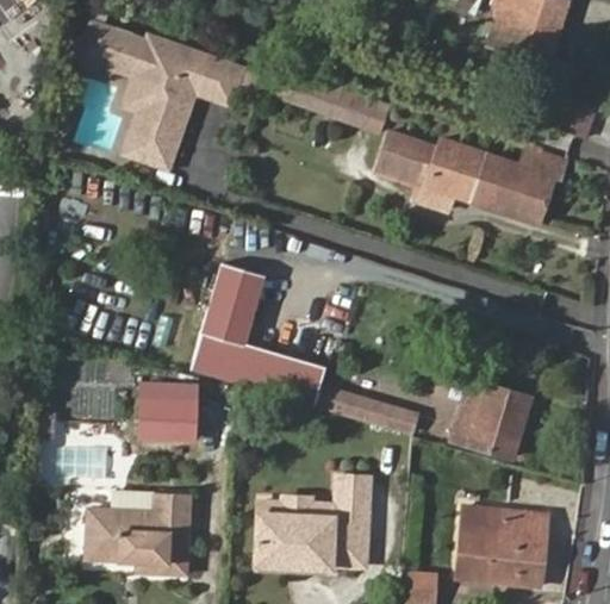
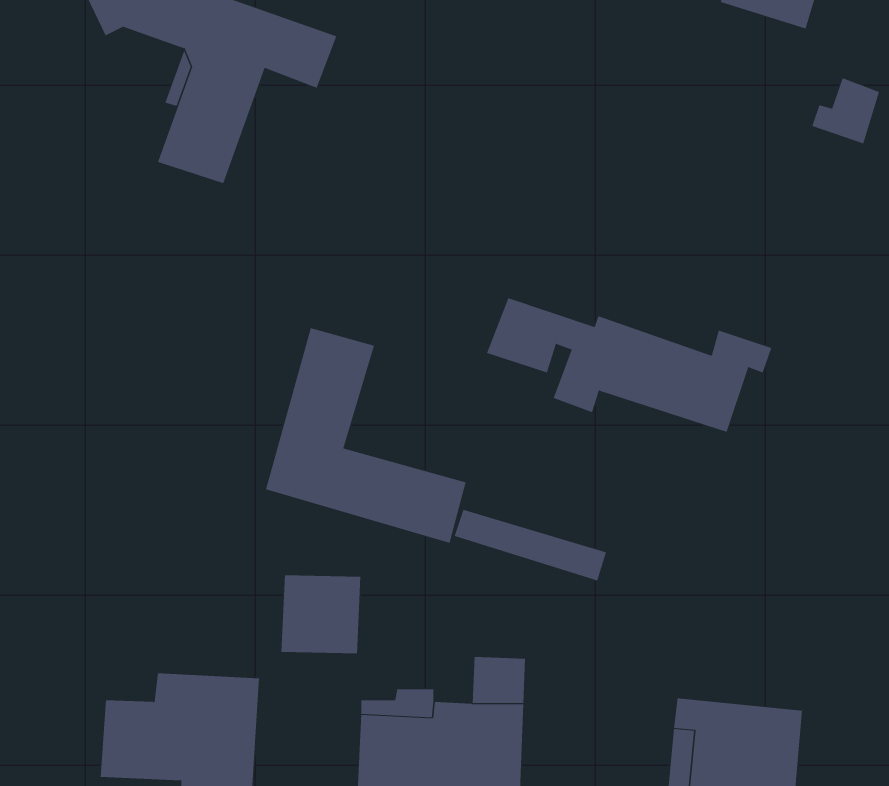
building: [284,67,393,129] -> none
building: [380,132,569,222] -> [486,298,772,432]
building: [455,380,531,455] -> none
building: [142,386,195,438] -> [280,575,361,654]

